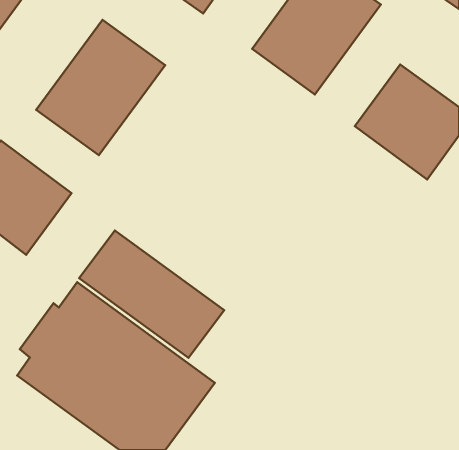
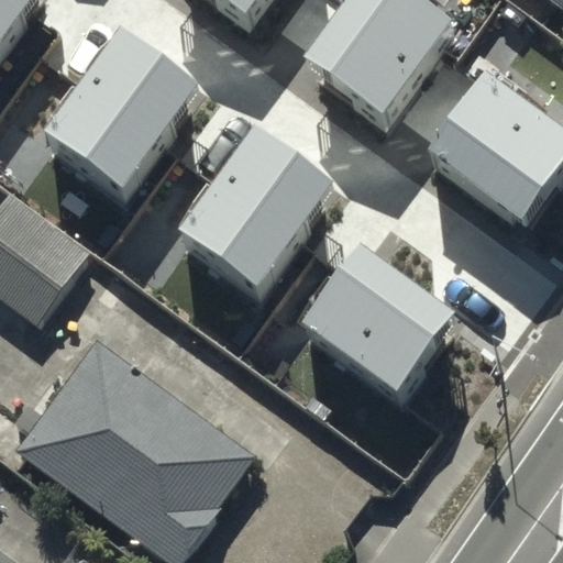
building: none -> [177,123,333,287]
building: none -> [310,251,454,390]
building: [79,231,224,358] -> none

